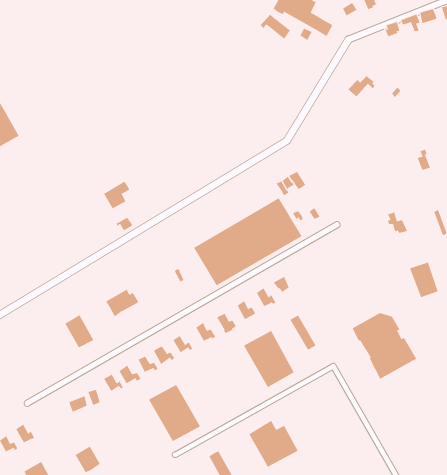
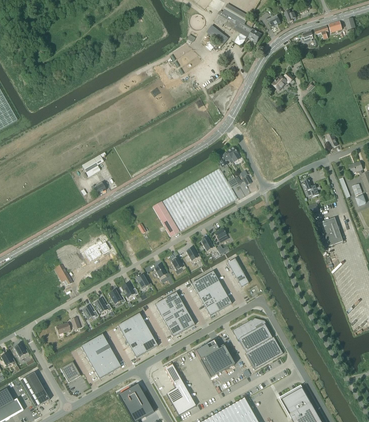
building: [352,313,417,379] -> [232,317,283,369]
building: none -> [154,291,194,336]
building: none -> [80,333,121,378]

